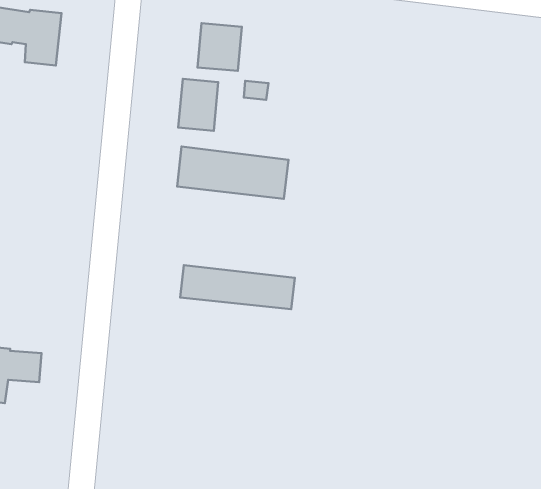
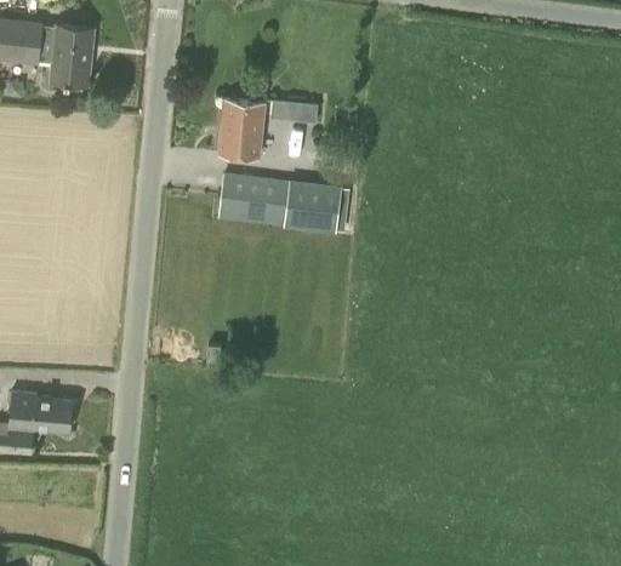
building: [197,23,242,71] -> none
building: [180,265,295,309] -> none

